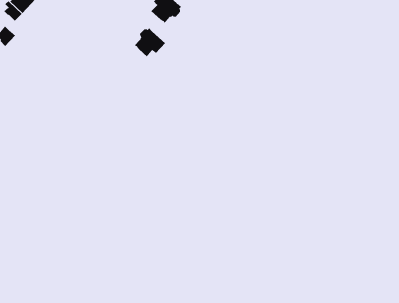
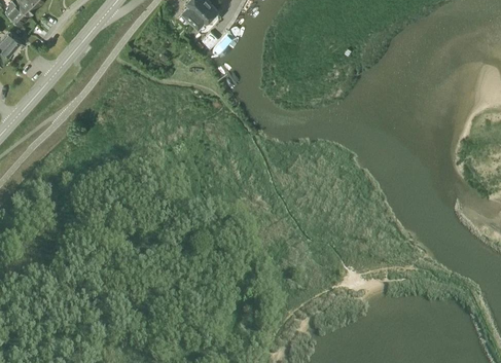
building: [134,27,166,57] -> none

